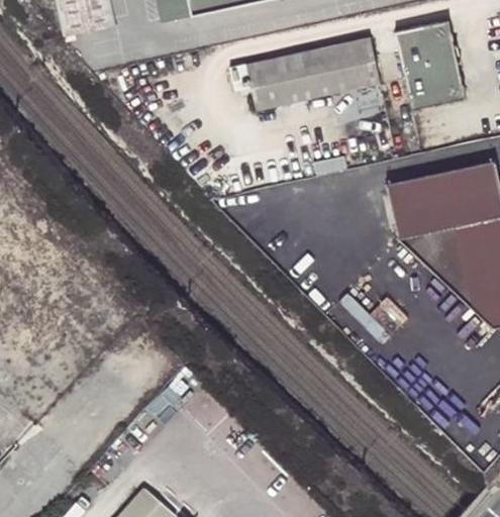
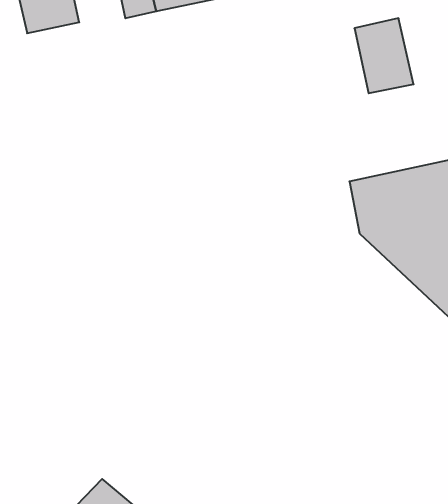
building: [409,18,466,109] -> none
building: [247,35,380,110] -> none

